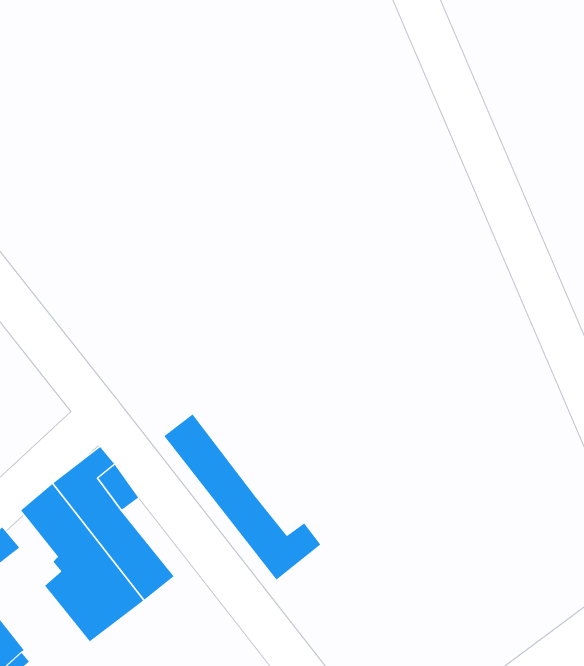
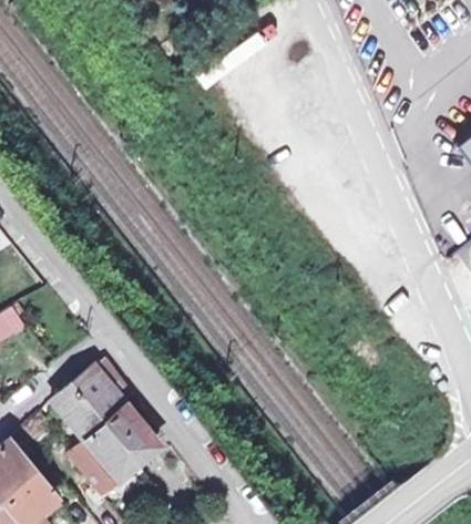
building: [164,414,321,581] -> none

